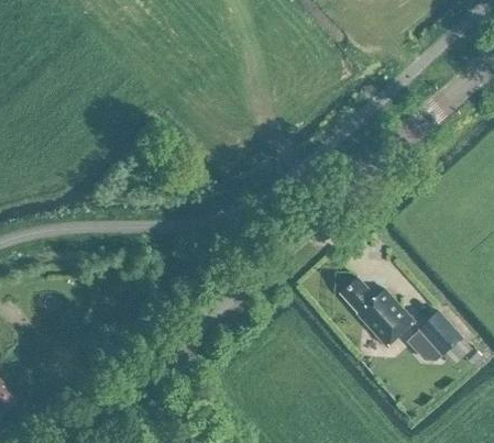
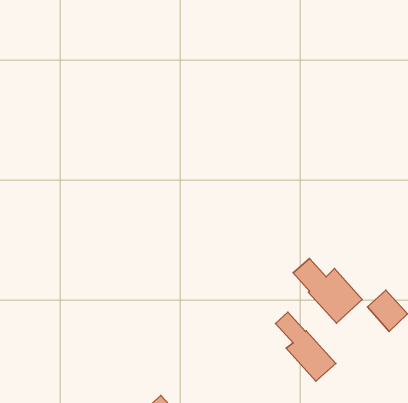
building: none -> [276,312,336,381]

